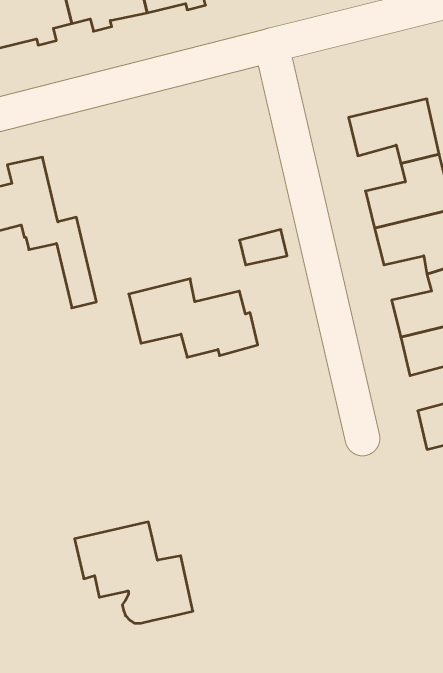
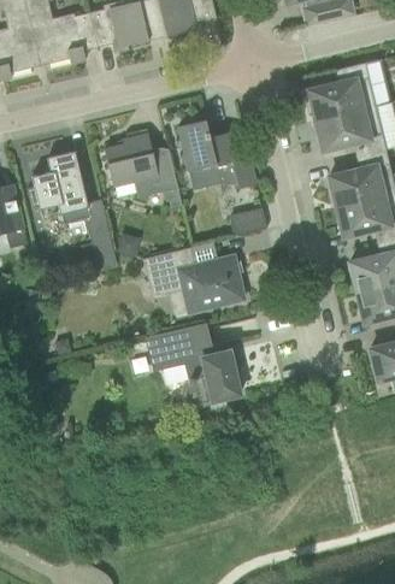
building: none -> [307,60,376,118]
building: none -> [178,118,255,185]
building: none -> [104,131,182,206]
building: [75,522,193,623] -> [147,323,240,402]

